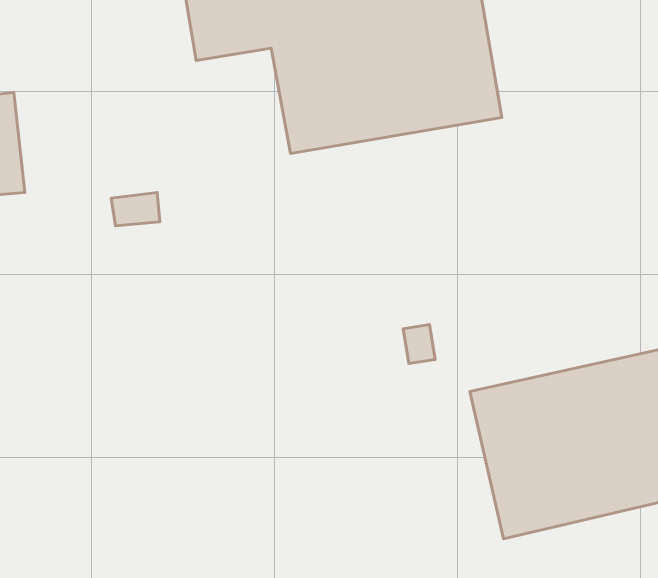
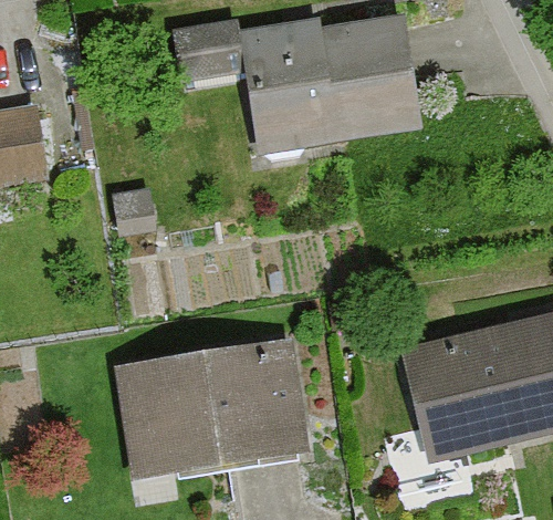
building: none -> [121,342,305,474]

